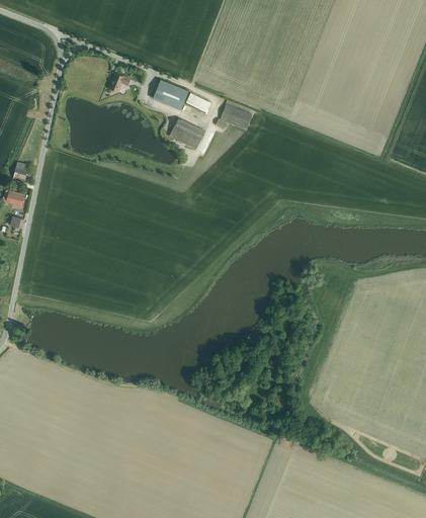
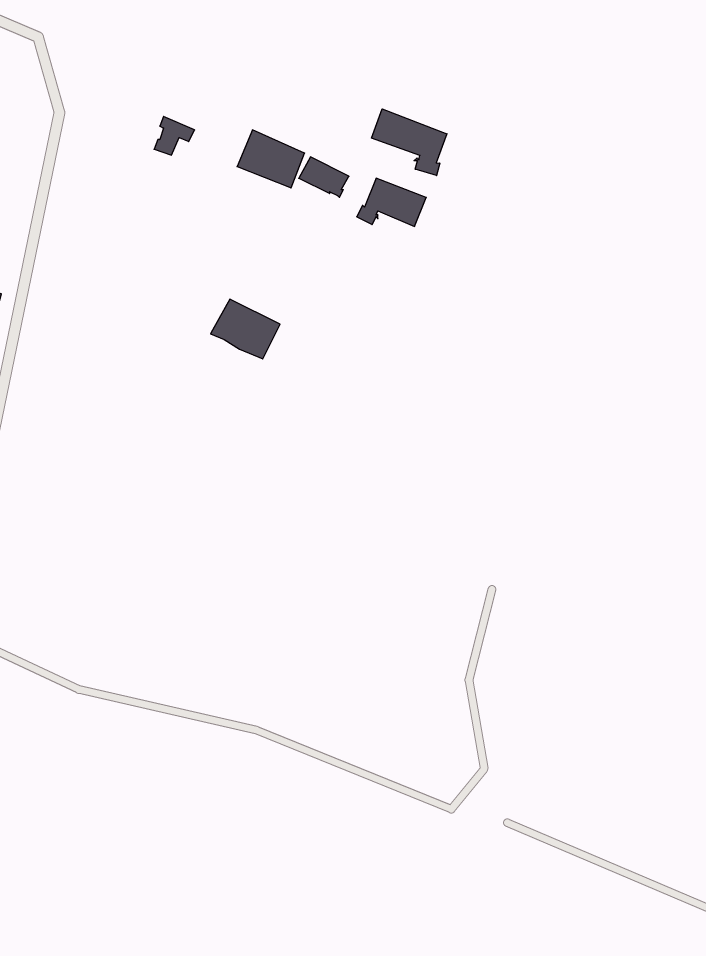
building: none -> [372,109,447,176]
building: [169,117,205,149] -> [211,299,280,359]

